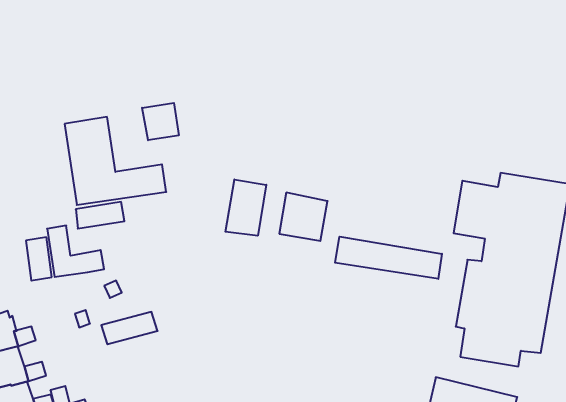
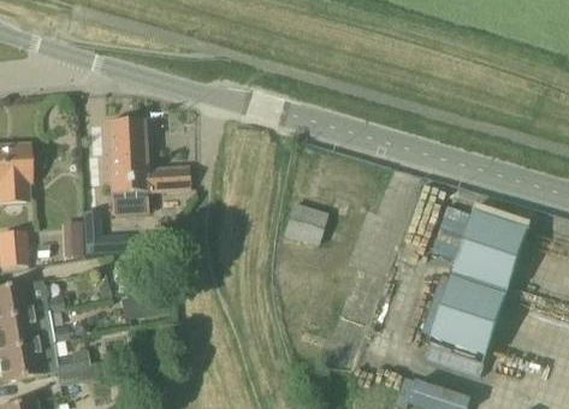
building: [142,103,179,140] -> none
building: [225,179,266,236] -> none
building: [335,237,442,279] -> none

